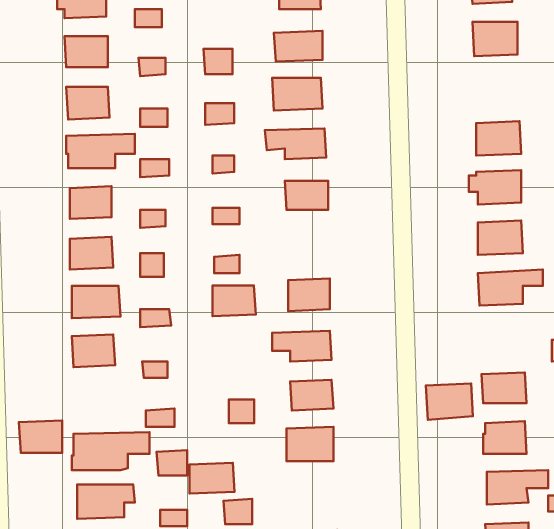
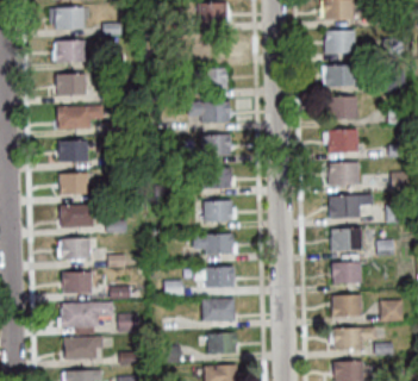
building: none -> [323,65,355,86]
building: [212,285,256,316] -> [202,168,231,188]
building: [426,384,473,420] -> [331,227,362,251]
building: [19,420,62,453] -> [62,271,91,293]
building: [189,463,235,494] -> [207,332,237,352]

